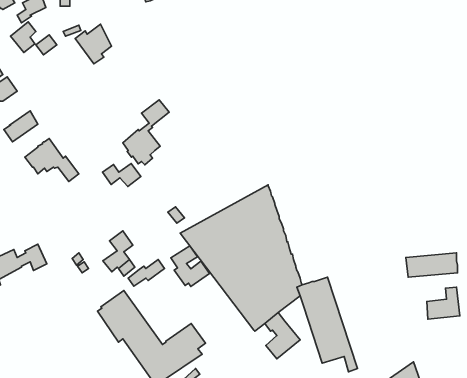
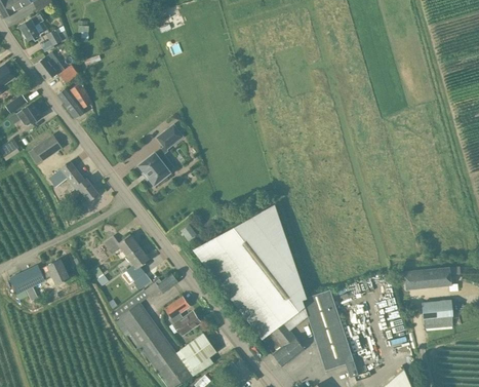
building: [75,24,112,64] -> [57,81,91,118]
building: [102,163,141,187] -> [104,234,139,256]
building: [171,246,210,287] -> [165,296,201,334]

